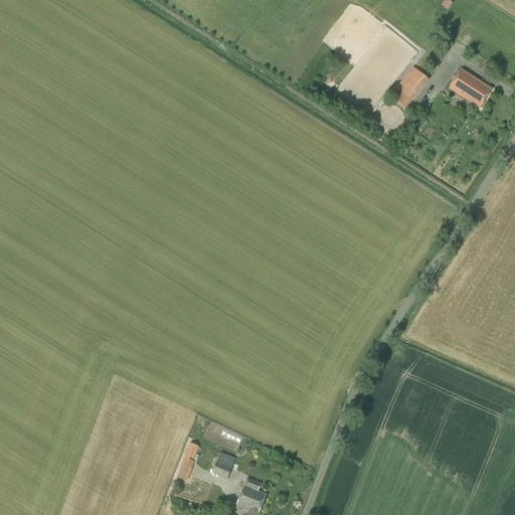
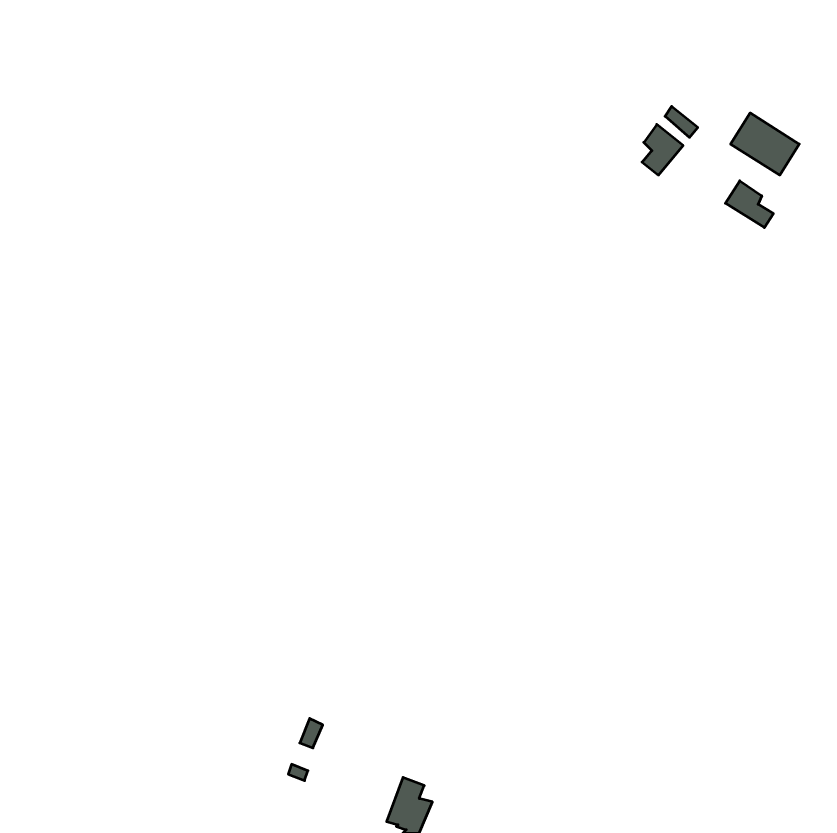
building: none -> [725,181,773,228]
building: [212,451,235,478] -> none

